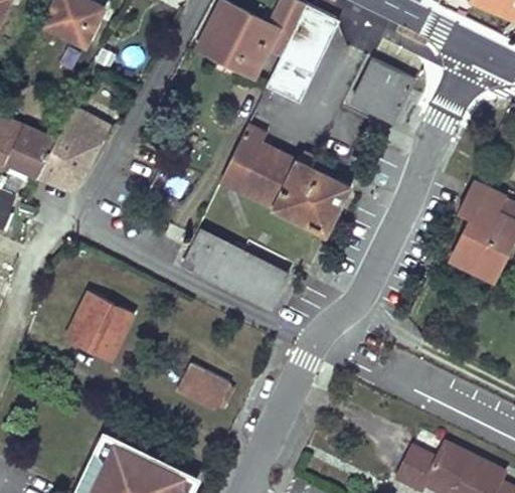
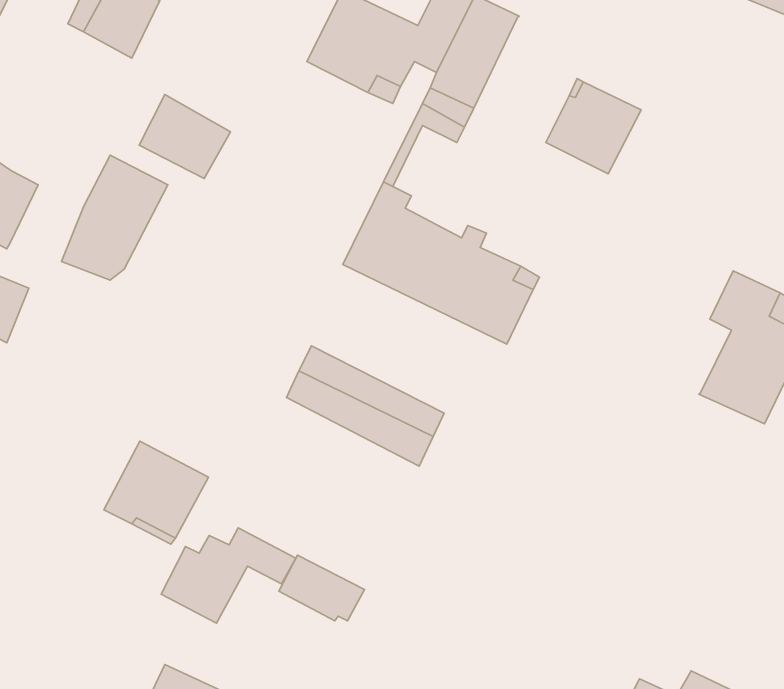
building: none -> [139,95,230,179]
building: [7,128,54,177] -> none
building: none -> [161,528,296,623]

